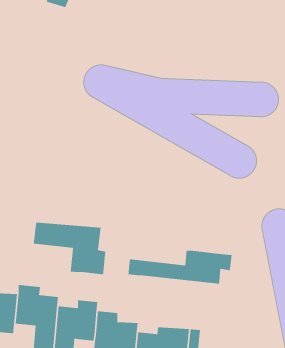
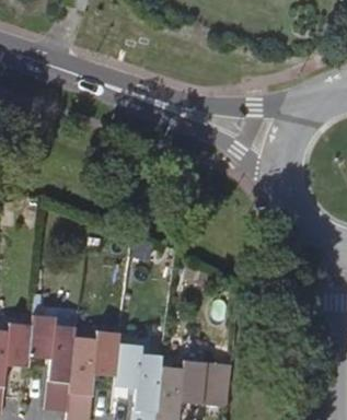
building: [33,222,106,275] -> none
building: [128,250,232,284] -> none

